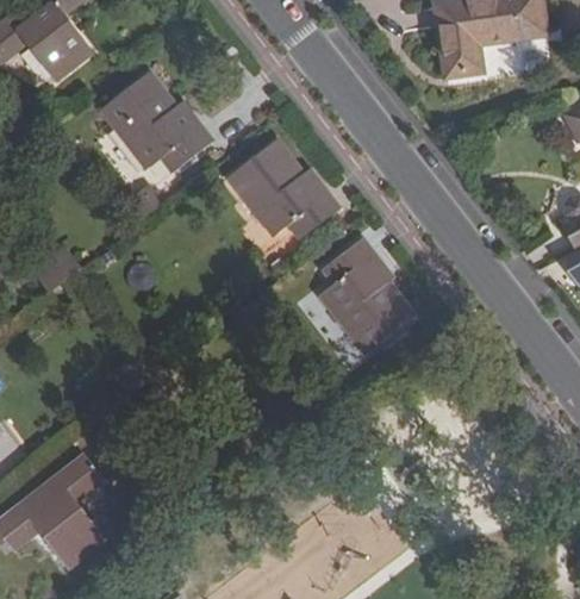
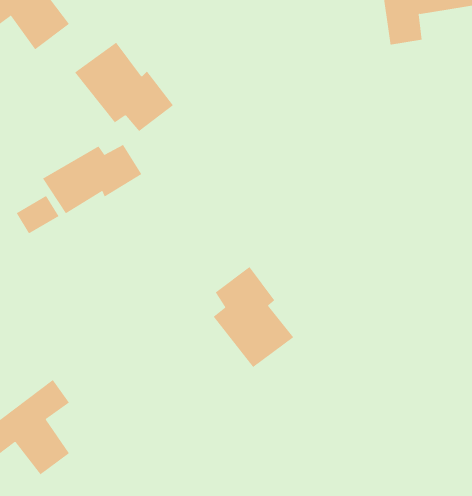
building: [225,141,335,239] -> none
building: none -> [42,144,142,214]
building: [320,239,412,354] -> [213,266,294,368]

